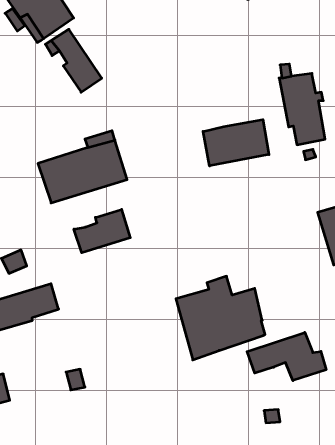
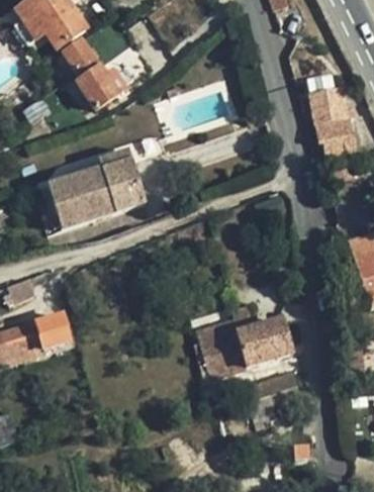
building: [203,120,269,166] -> none
building: [74,209,130,253] -> none
building: [247,332,326,381] -> none

